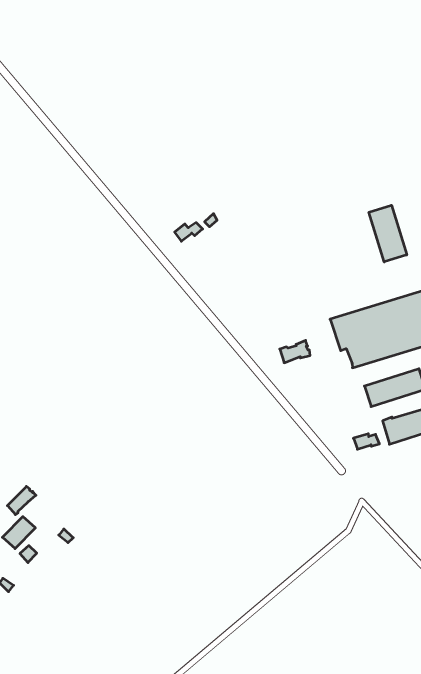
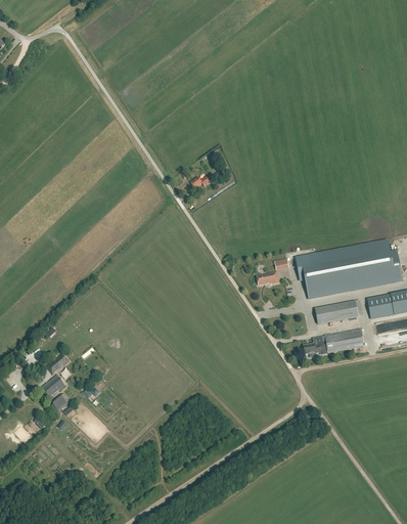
building: [369,205,407,262] -> none

